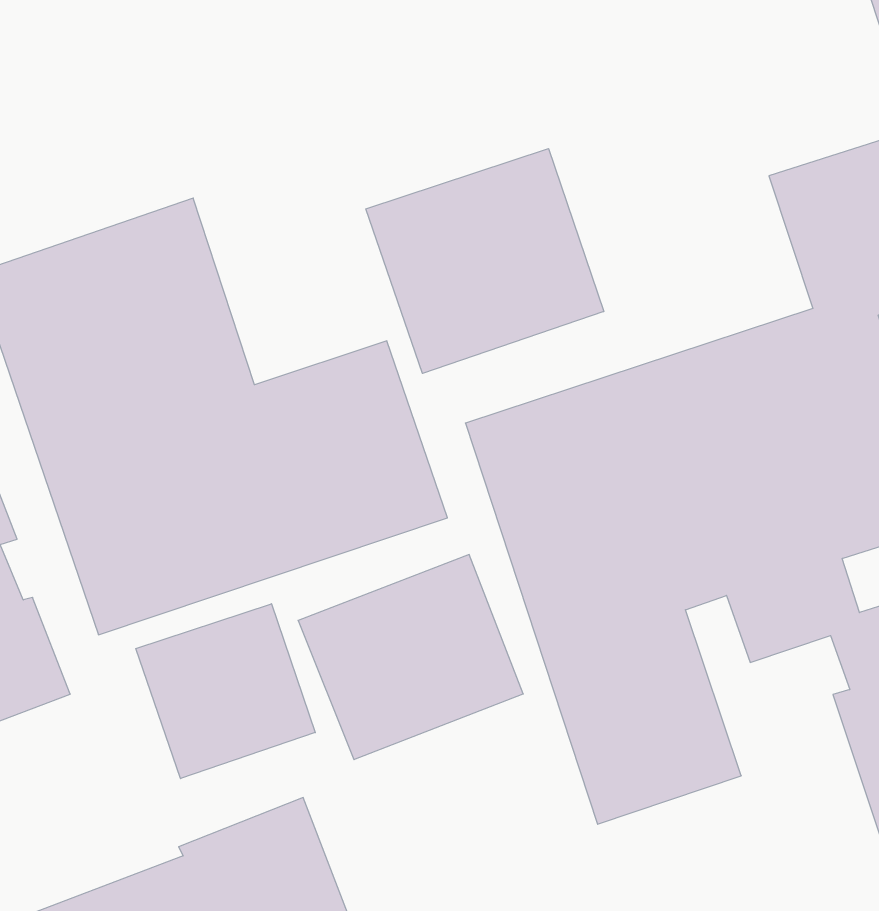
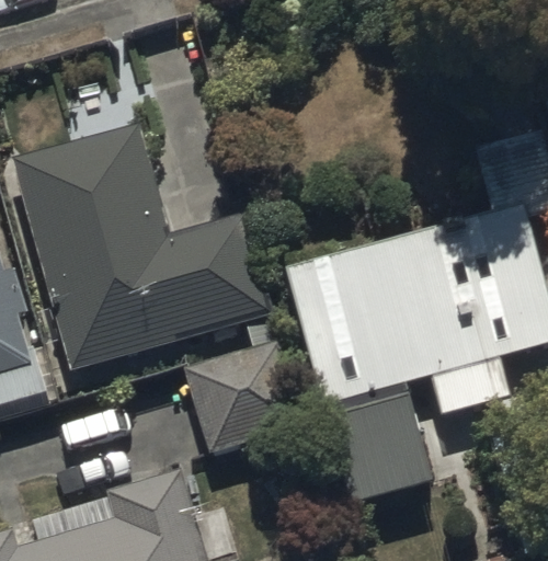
building: [366,149,604,373] -> none
building: [136,604,315,779] -> none

